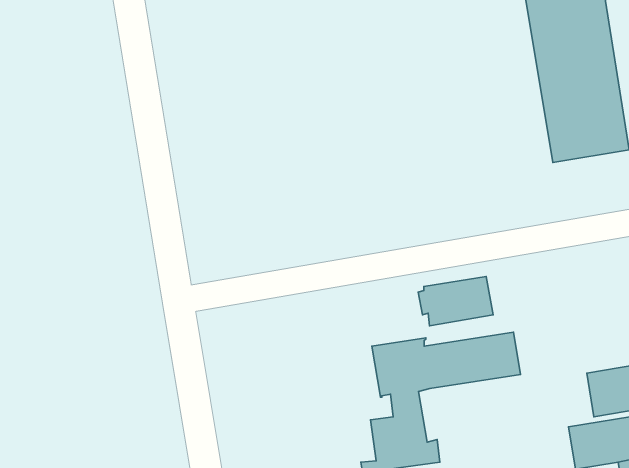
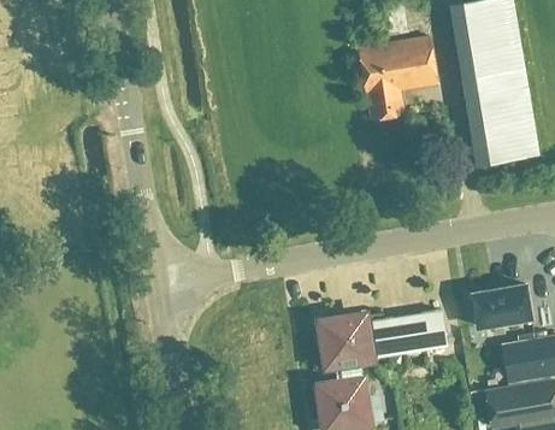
building: none -> [359,36,437,119]
building: [418,277,493,326] -> [467,285,531,328]

